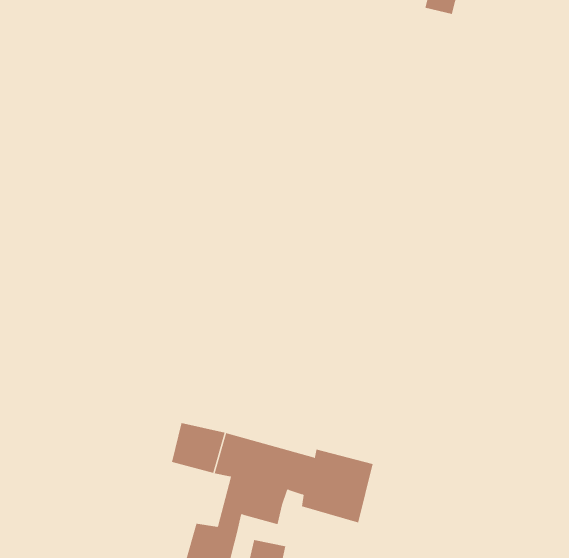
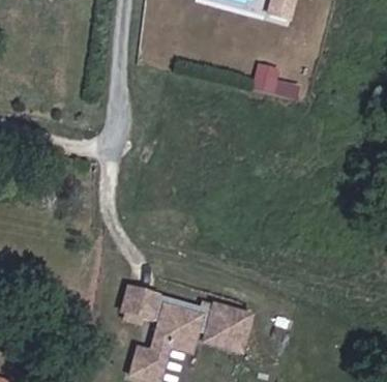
building: none -> [255,63,303,97]

